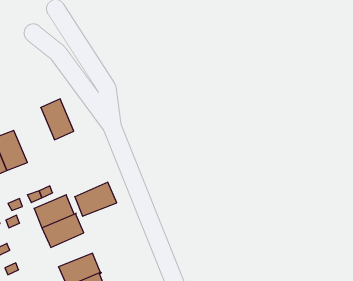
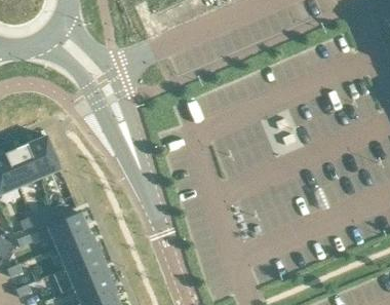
building: [41,99,74,140] -> [26,135,61,178]
building: [75,182,117,216] -> [65,252,109,288]

